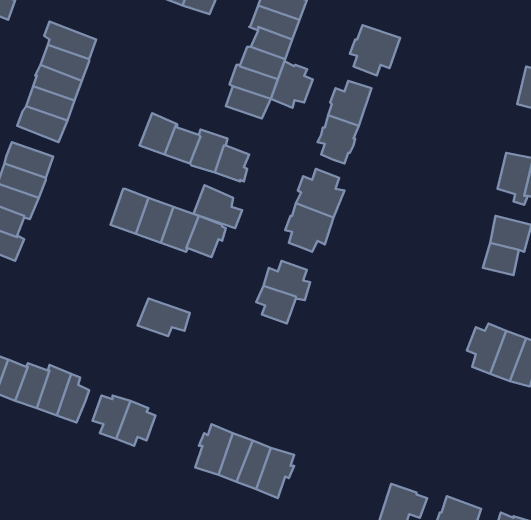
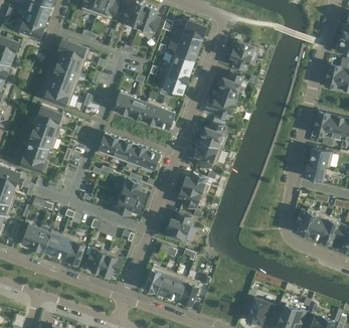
building: [271,61,313,108] -> none
building: [194,185,242,228] -> [117,178,144,202]
building: none -> [165,213,190,241]

